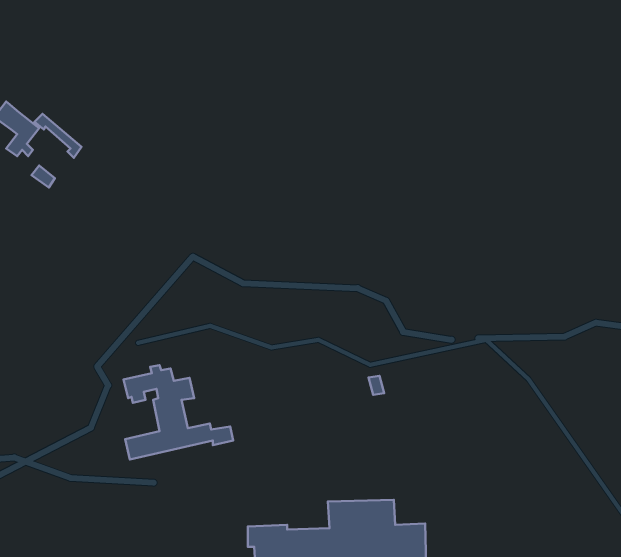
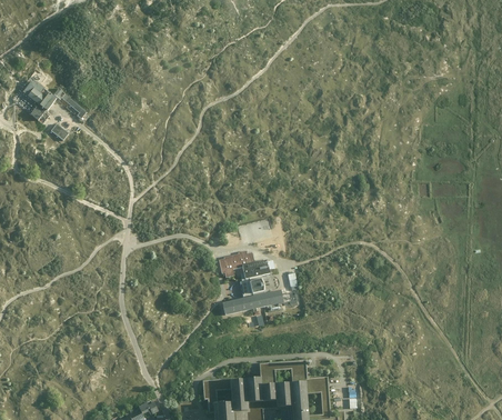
building: [124,365,233,459] -> [220,250,298,317]

